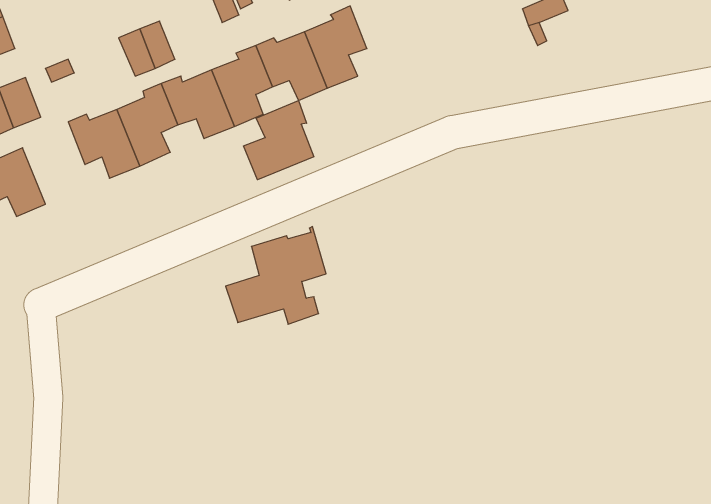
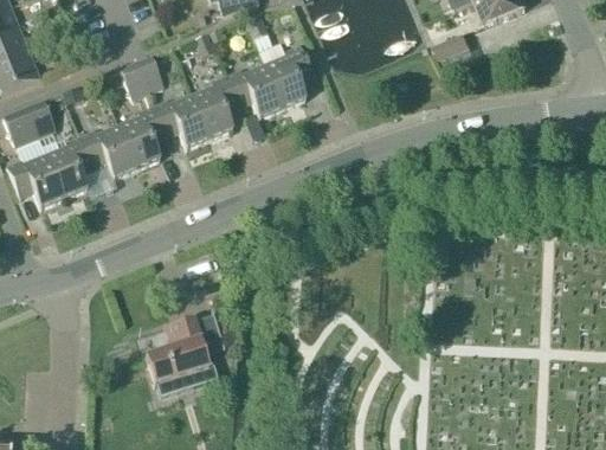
building: [243,100,314,180] -> none
building: none -> [45,134,94,198]
building: [226,227,326,324] -> [146,310,224,386]

